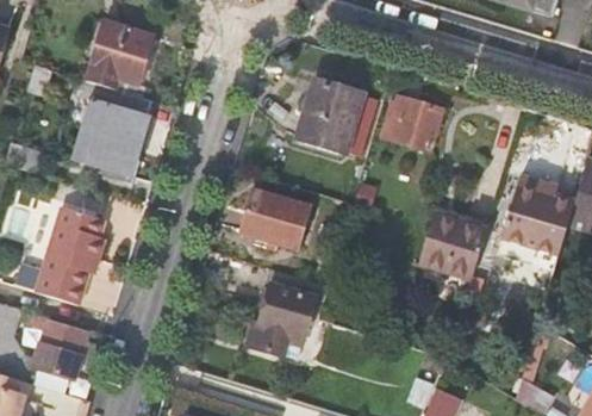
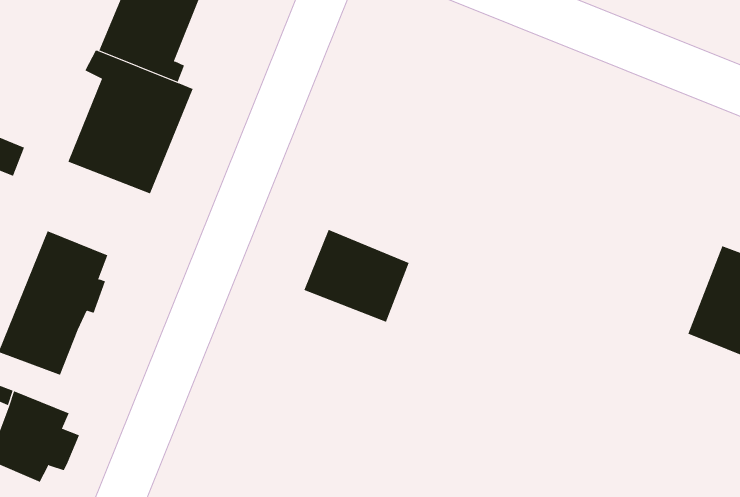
building: [298,82,360,151] -> none
building: [380,98,440,149] -> none
building: [420,215,485,279] -> none
building: [247,271,328,358] -> none

